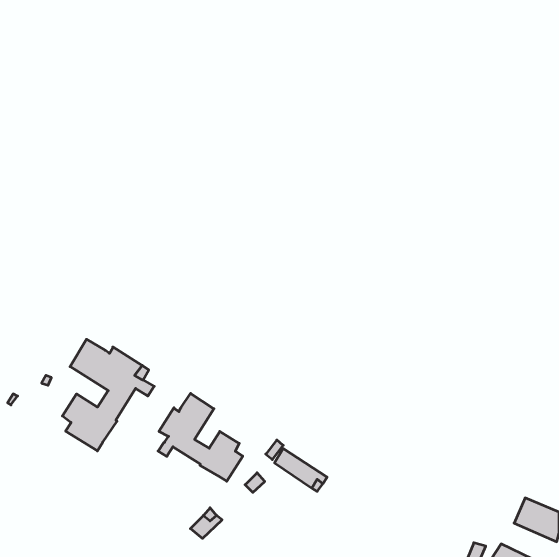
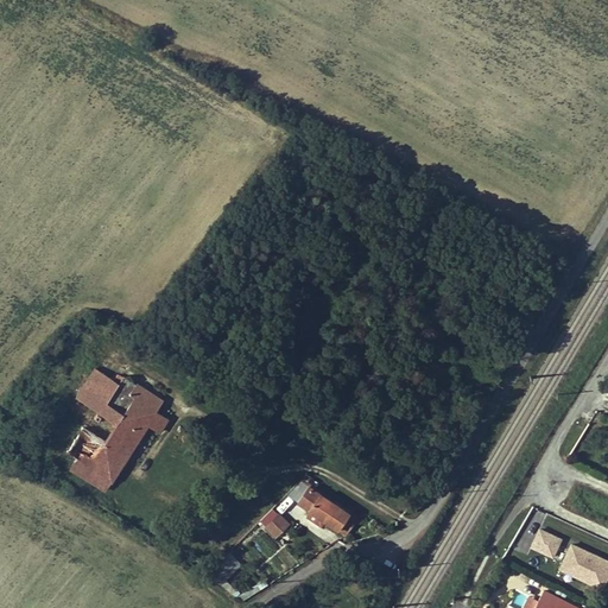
building: [158,393,243,481] -> none
building: none -> [530,528,563,559]

